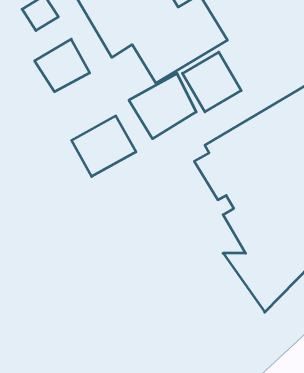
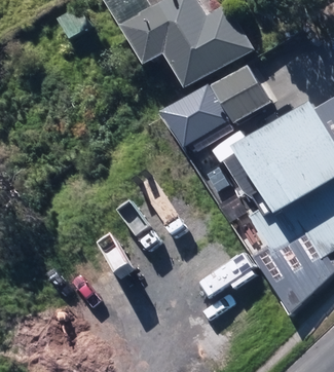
building: [35,39,90,92] -> none
building: [72,116,136,177] -> none

